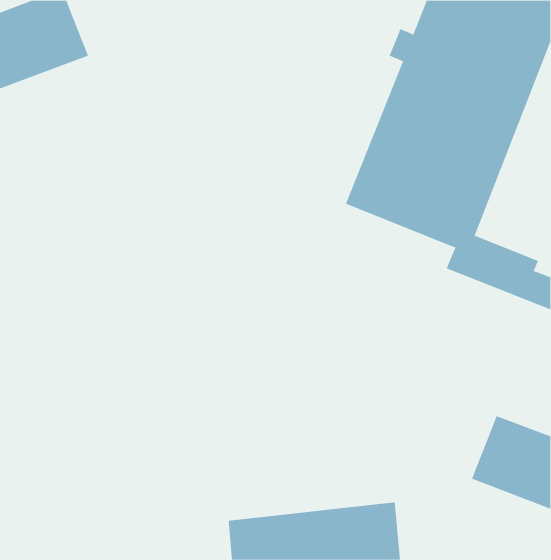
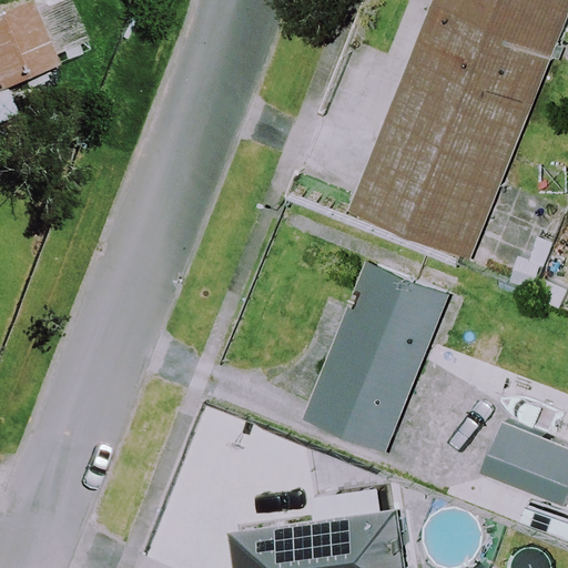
building: none -> [305,260,448,446]

